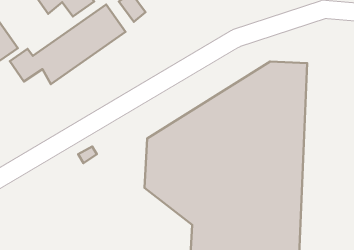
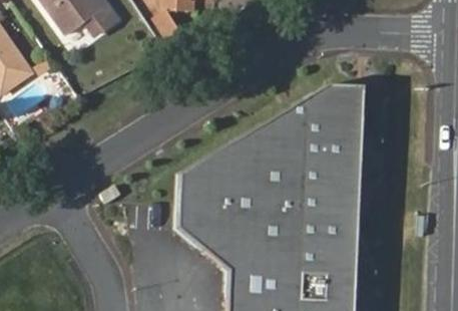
building: [10,4,125,84] -> none

